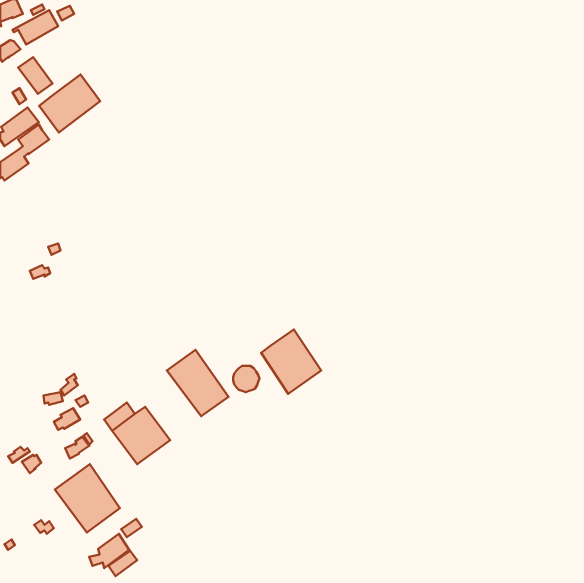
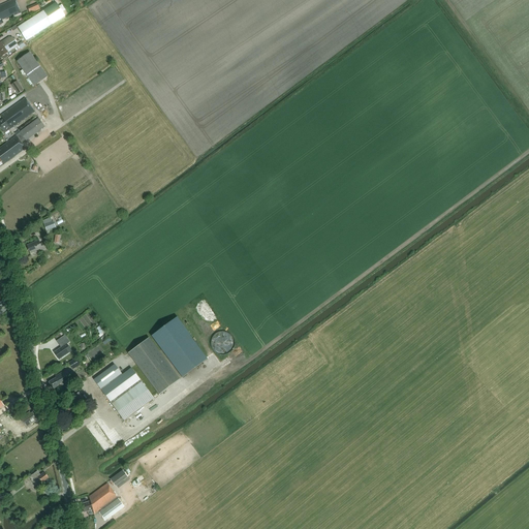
building: [39,74,100,133] -> none
building: [261,330,321,394] -> none
building: none -> [128,337,179,394]
building: [55,464,120,533] -> none

